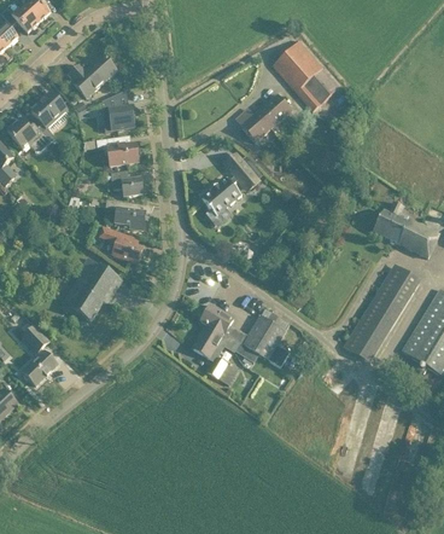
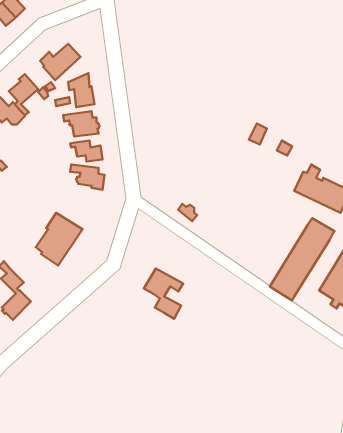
building: [271,41,338,110] -> none
building: [241,94,292,141] -> none
building: [201,156,258,216] -> none
building: [100,226,144,263] -> none
building: [200,303,290,360] -> none

